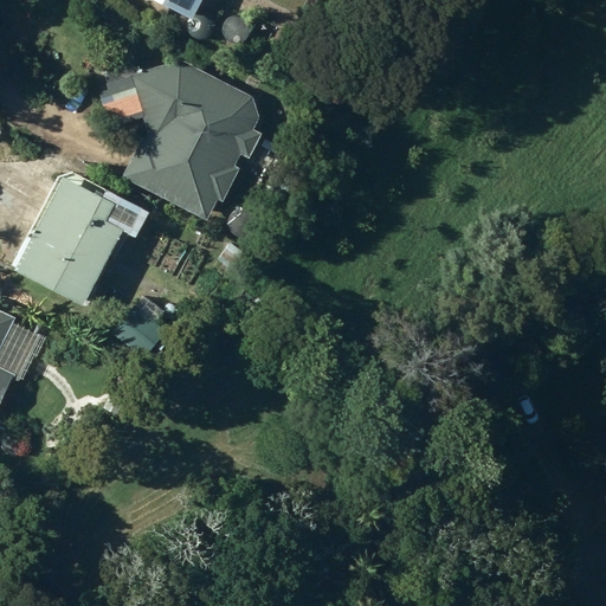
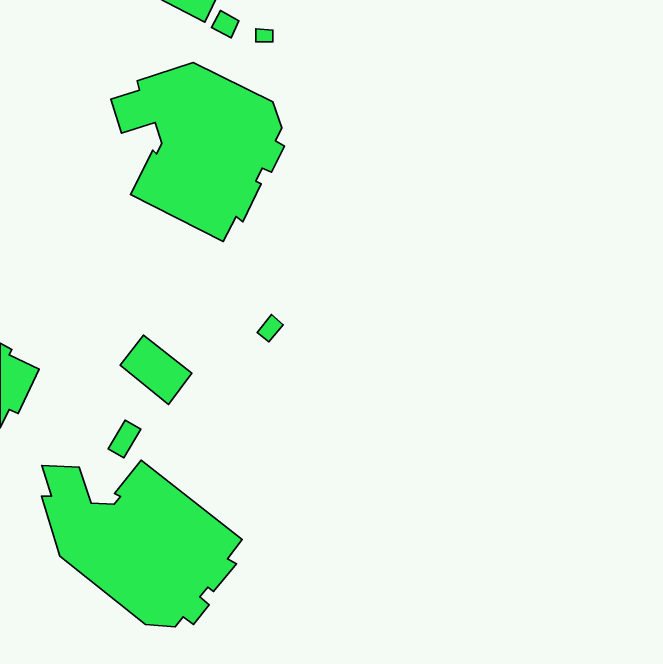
building: [12,178,120,305] -> none
building: none -> [41,460,242,627]

